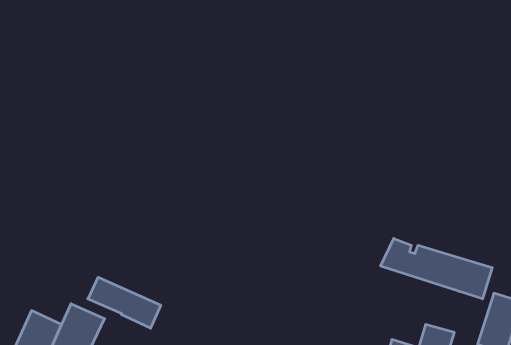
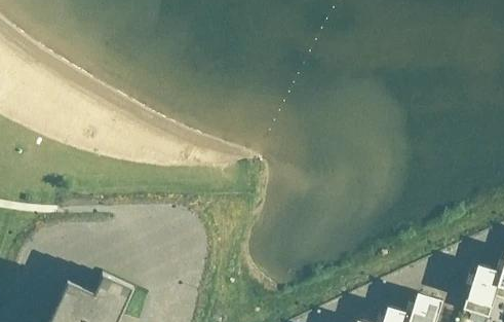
building: [381,238,492,299] -> none
building: [88,277,161,328] -> none

